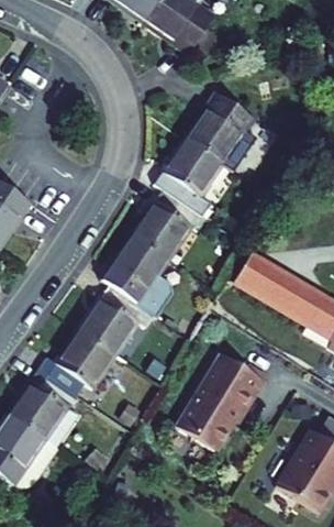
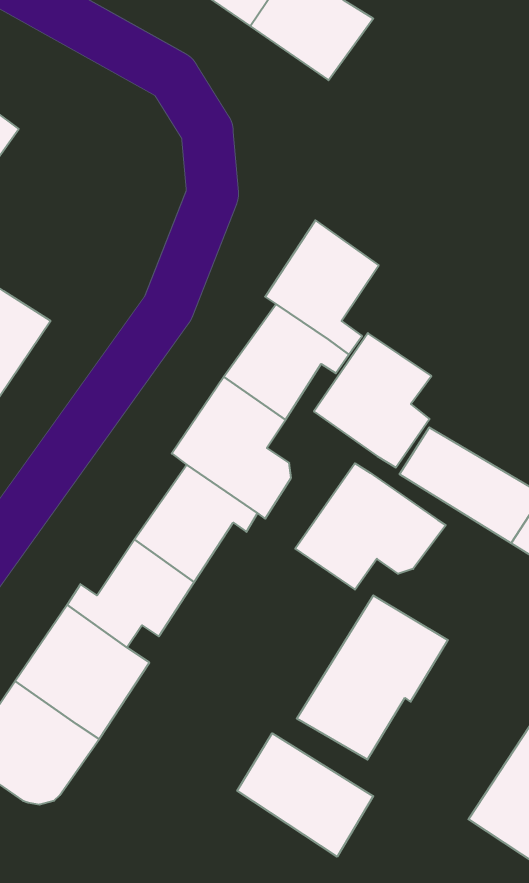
building: [187,88,256,167] -> [314,333,431,467]
building: none -> [295,463,446,590]
building: none -> [237,733,373,857]

